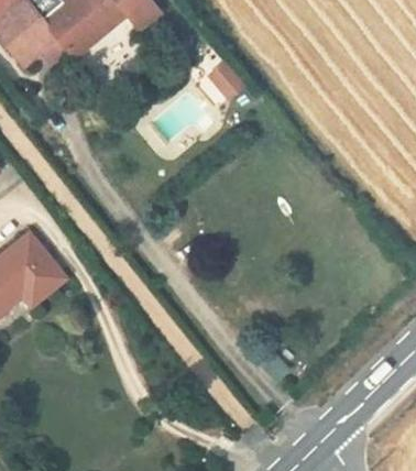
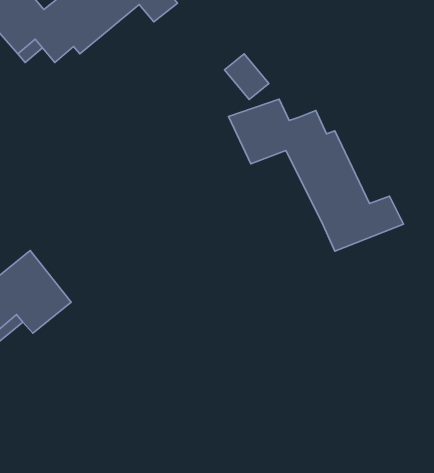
building: none -> [229,99,404,251]

